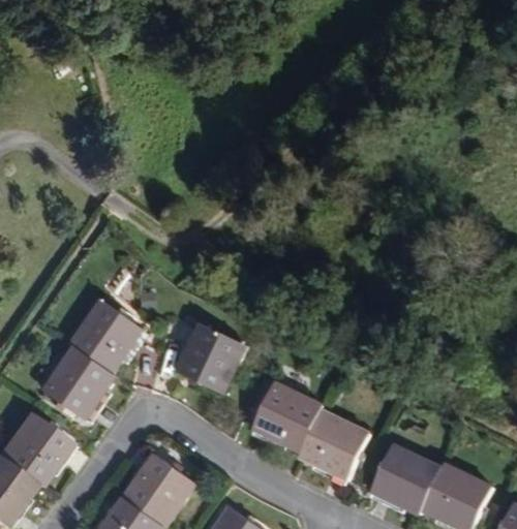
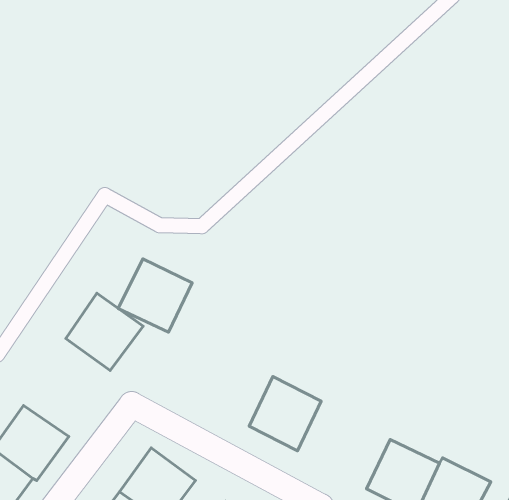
building: [173,323,247,397] -> [118,259,192,332]
building: [38,346,117,422] -> none
building: [298,412,371,484] -> none

